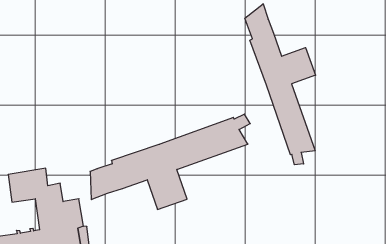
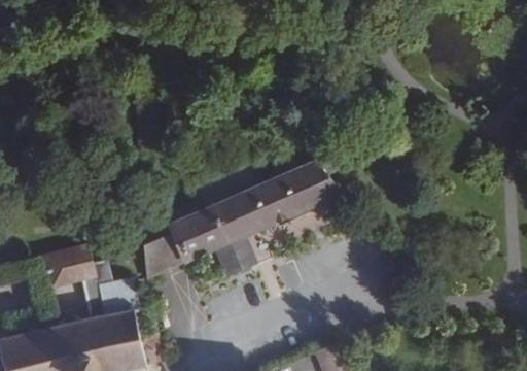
building: [245,4,316,165] -> none

